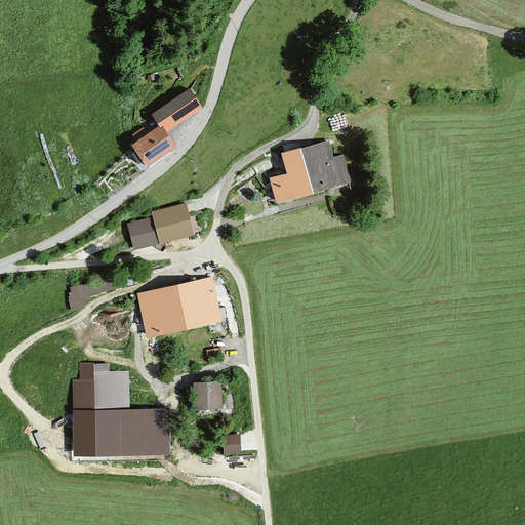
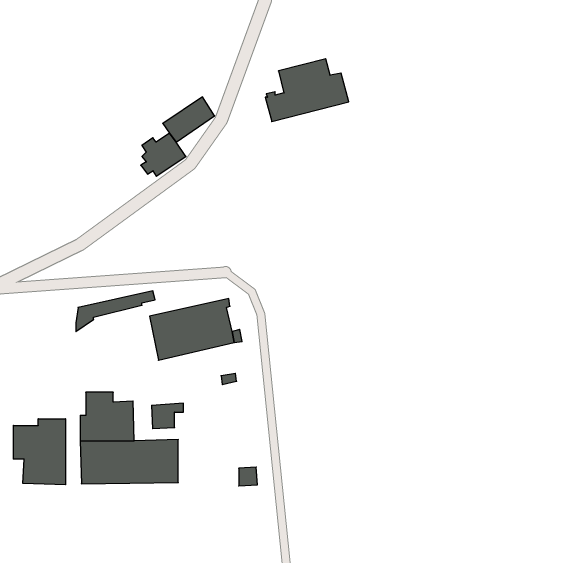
building: [271,143,349,201] -> [265,59,349,122]
building: [127,205,190,247] -> none
building: [196,382,226,406] -> [152,403,183,429]
building: none -> [13,419,65,485]

